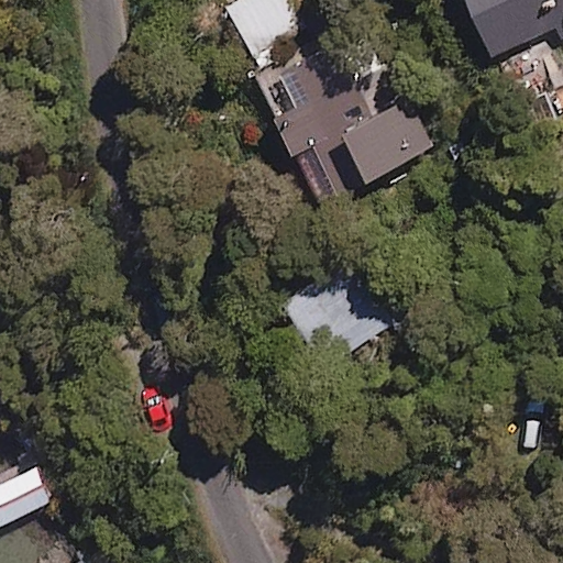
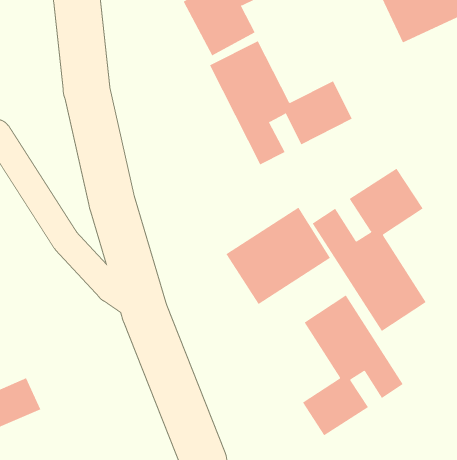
building: none -> [312,168,427,332]
building: none -> [302,295,404,436]

